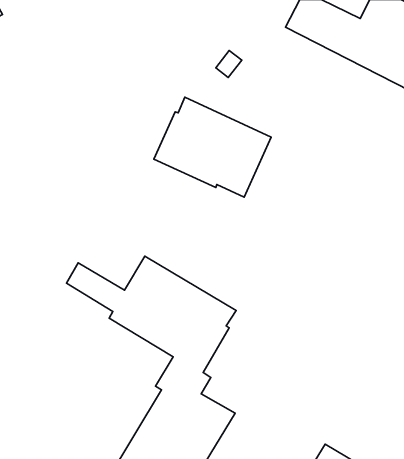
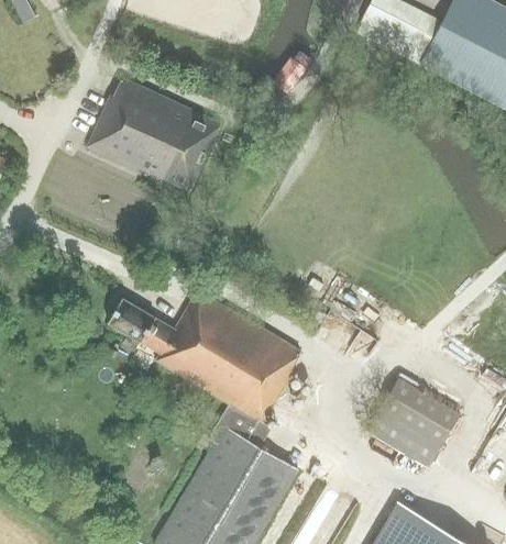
building: [154,97,271,197] -> [87,78,220,191]
building: none -> [365,378,461,469]

